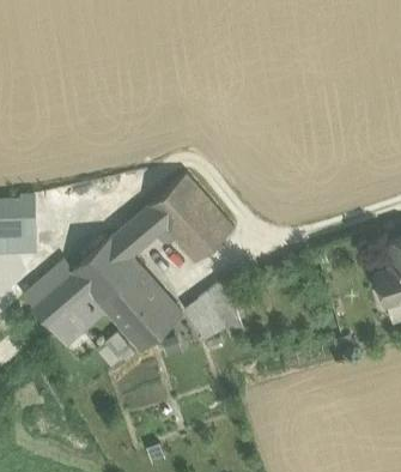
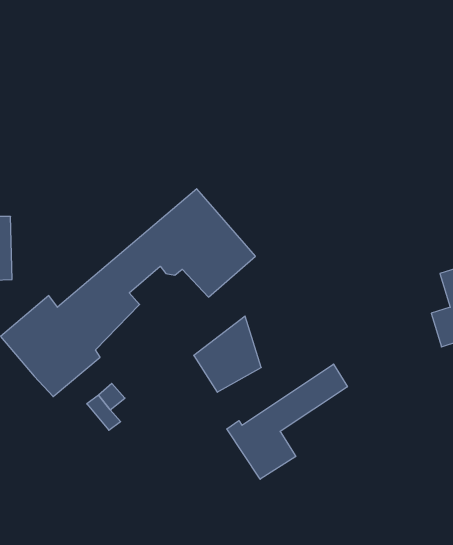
building: [103,270,181,351] -> none
building: none -> [227,364,347,479]

